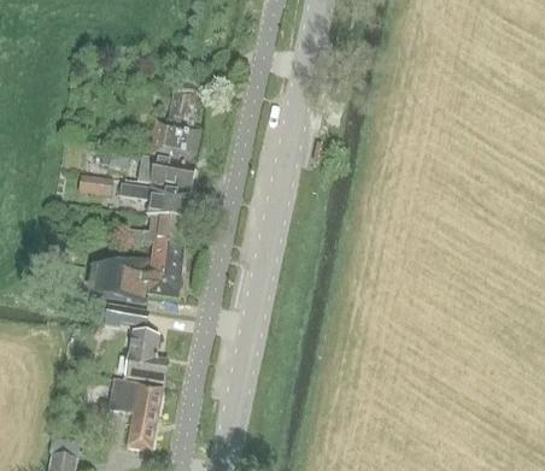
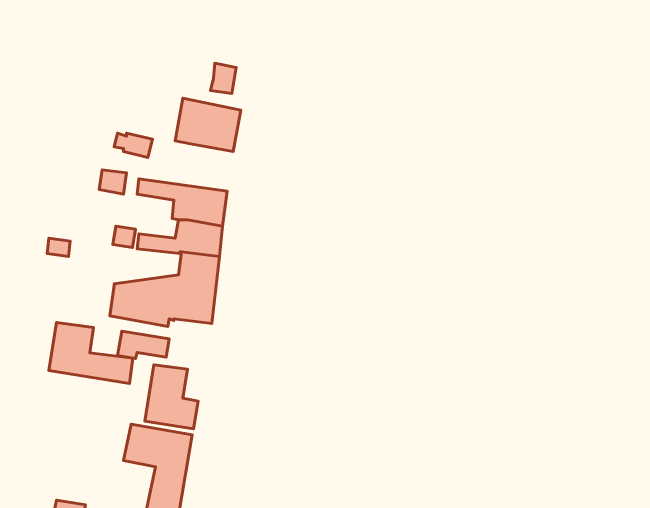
building: [151,158,194,189] -> none
building: none -> [49,323,133,383]

